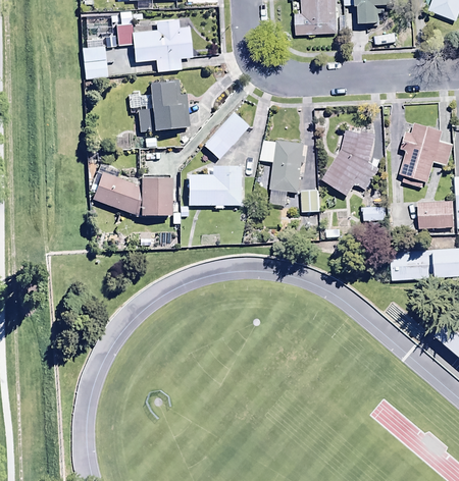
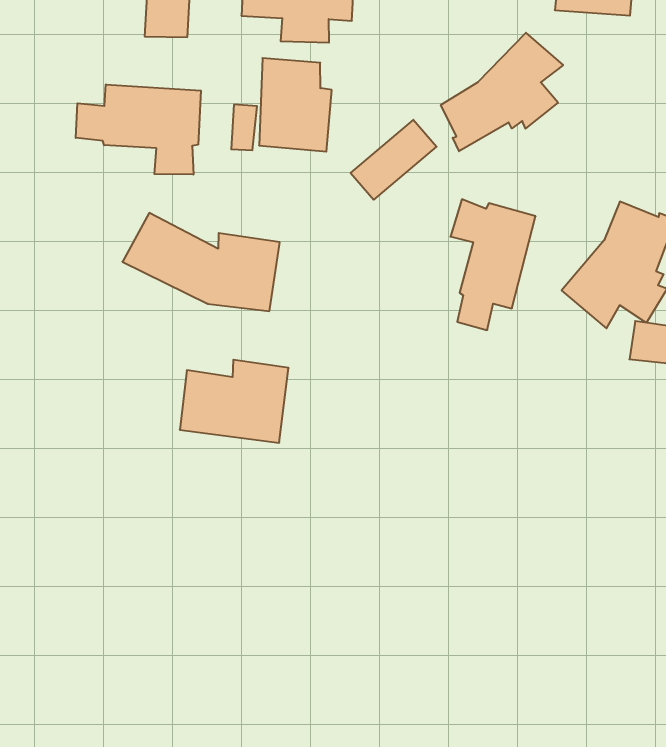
building: none -> [441,33,563,151]
building: none -> [76,84,201,175]
building: [188,155,242,196] -> [180,360,289,443]
building: [301,178,320,202] -> none

